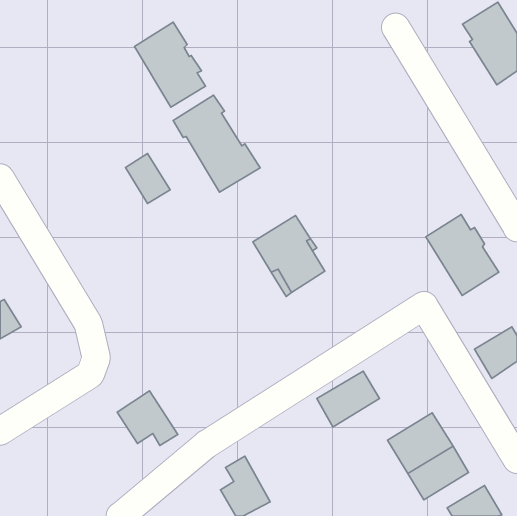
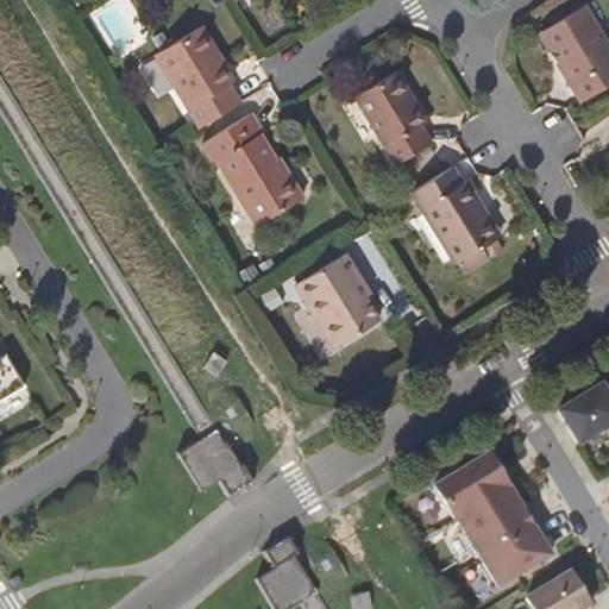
building: none -> [356,71,433,164]
building: [125,153,170,204] -> none
building: [426,214,499,295] -> [413,164,498,259]
building: [317,371,379,427] -> [434,453,508,519]
building: [117,391,178,446] -> [181,423,252,488]

